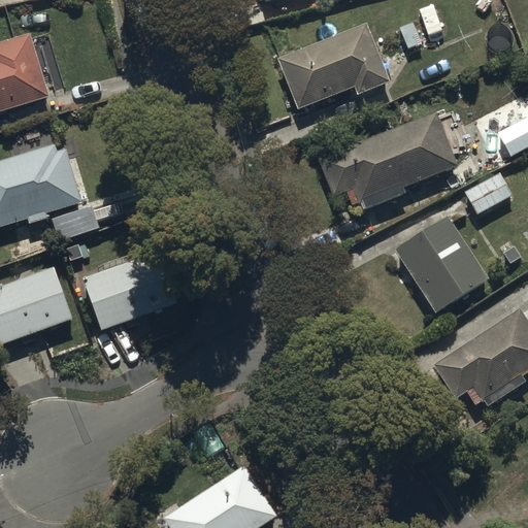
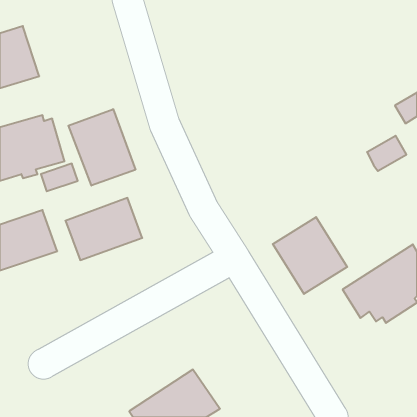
building: [276,24,389,109] -> none
building: [318,112,458,209] -> none
building: none -> [68,109,135,186]
building: [395,216,489,312] -> [273,217,347,294]

